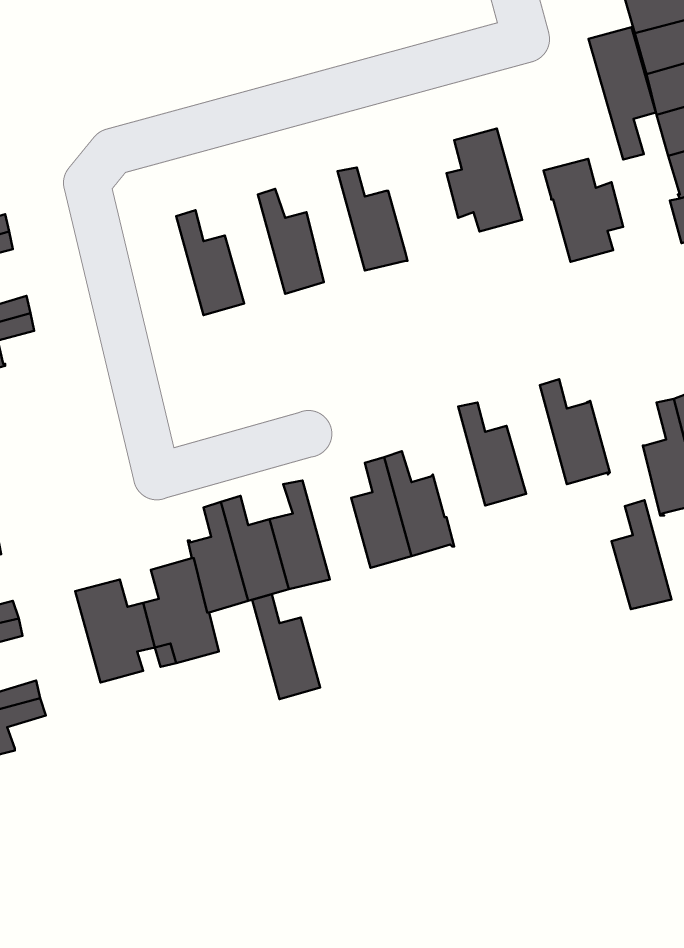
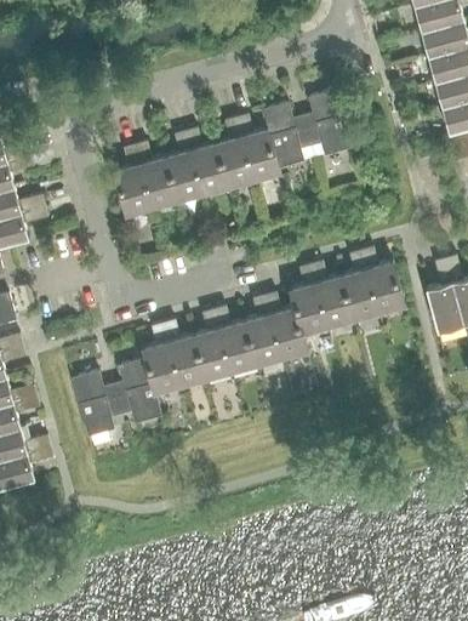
building: [589,27,656,160] -> none
building: [543,159,623,262] -> [261,107,310,171]
building: none -> [216,120,252,189]
building: none -> [165,135,202,203]
building: none -> [113,148,152,217]
building: none -> [289,267,327,336]
building: [611,500,672,609] -> [341,253,378,321]
building: [252,594,320,699] -> [213,309,256,375]

